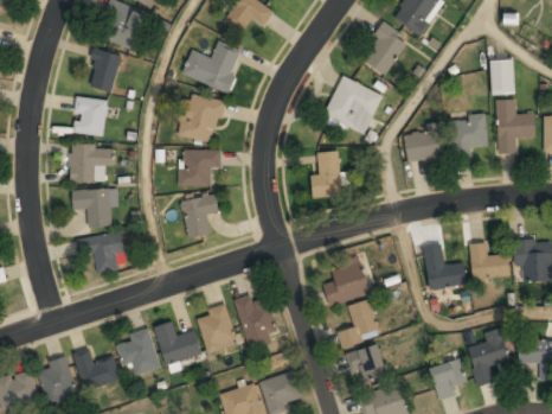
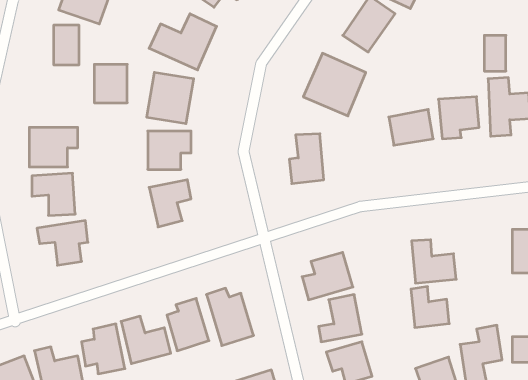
building: [76,98,107,134] -> [94,64,127,103]
building: [470,243,506,281] -> [411,287,449,327]

